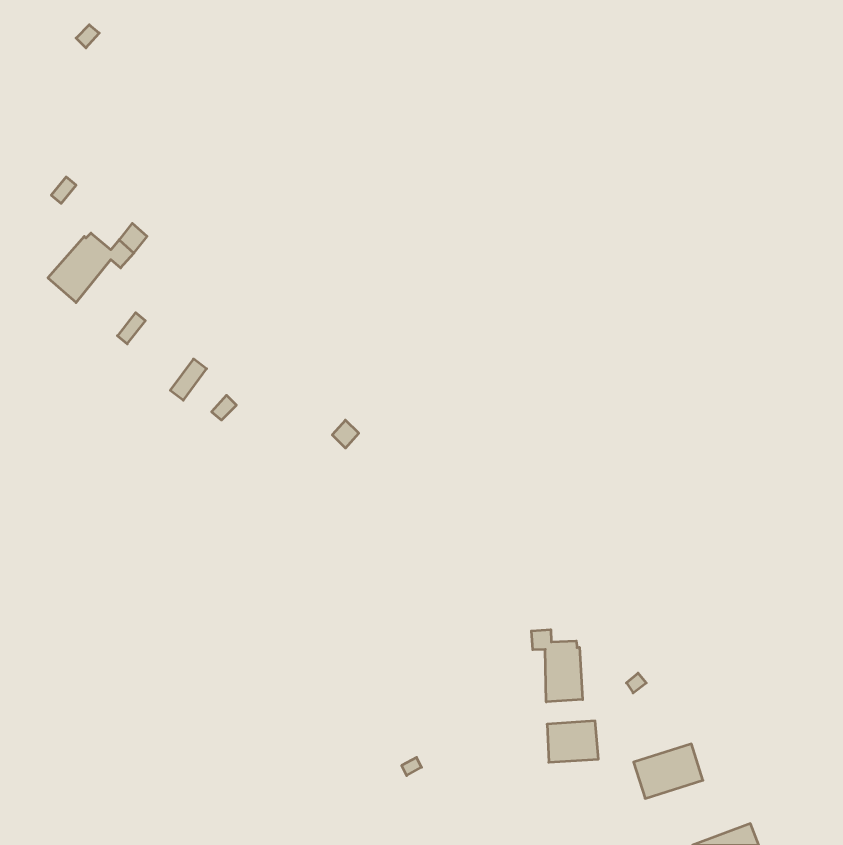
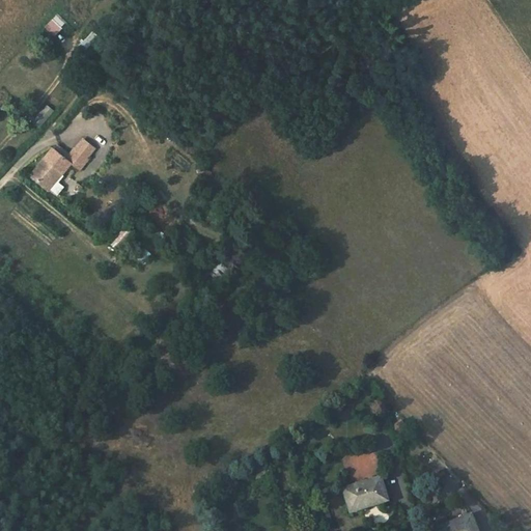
building: [531,630,583,702] -> none
building: [634,744,703,798] -> [343,479,387,513]

